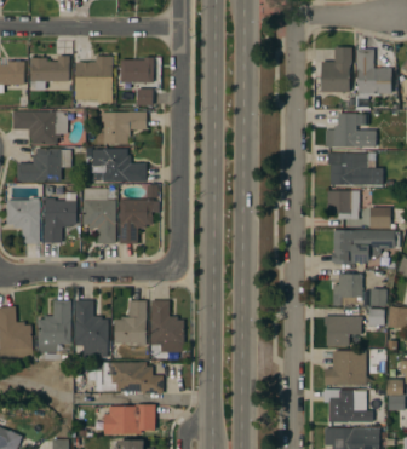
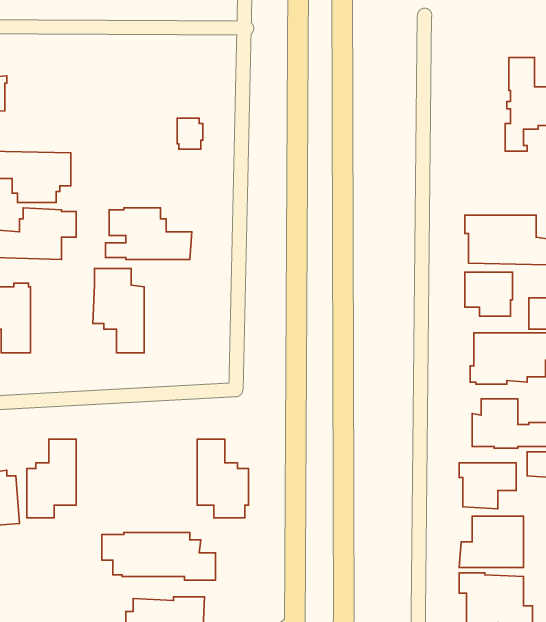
building: [320,47,351,92] -> none
building: [30,56,69,85] -> none
building: [75,56,113,103] -> none
building: [120,57,153,82] -> none
building: [96,111,147,143] -> none
building: [325,113,376,146] -> none
building: [42,192,76,242] -> none
building: [119,198,153,243] -> none
building: [74,300,108,357] -> none
building: [114,300,147,346] -> none

